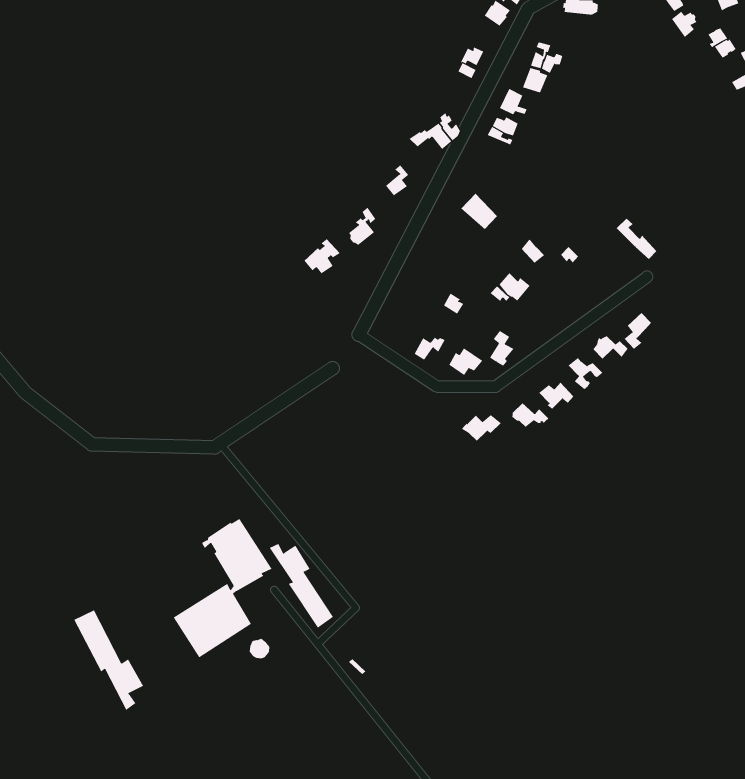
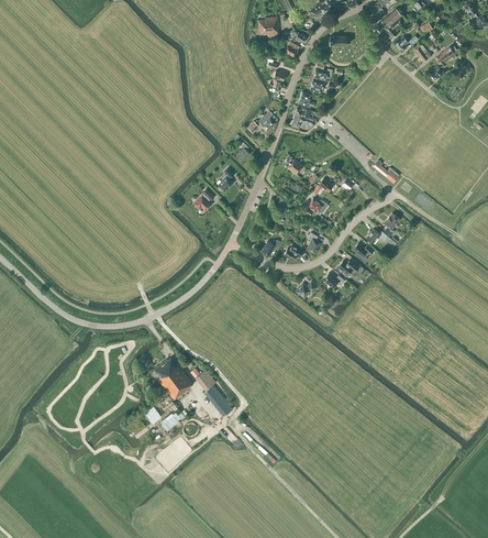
building: [74,610,144,711] -> none

